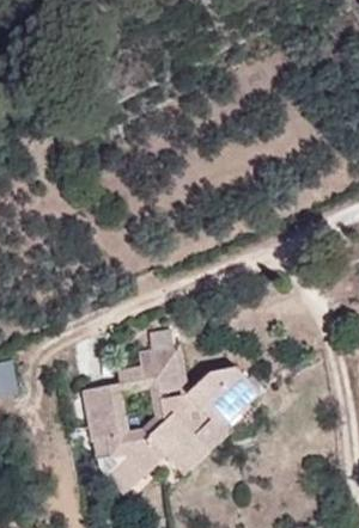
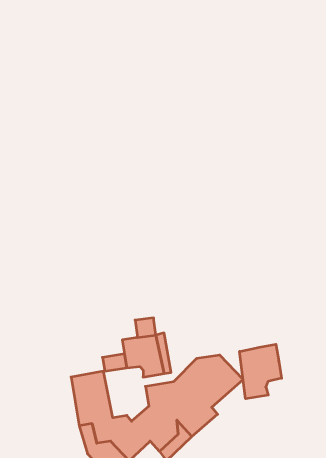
building: none -> [240,344,282,399]

